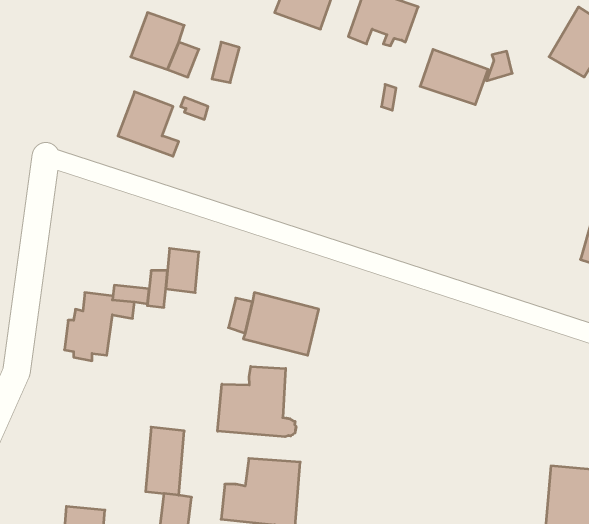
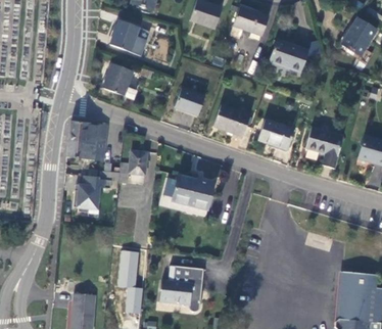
building: none -> [175,87,205,114]
building: none -> [213,104,250,136]
building: none -> [257,119,294,150]
building: none -> [66,121,107,160]
building: none -> [305,127,343,169]
building: [218,366,296,437] -> none

